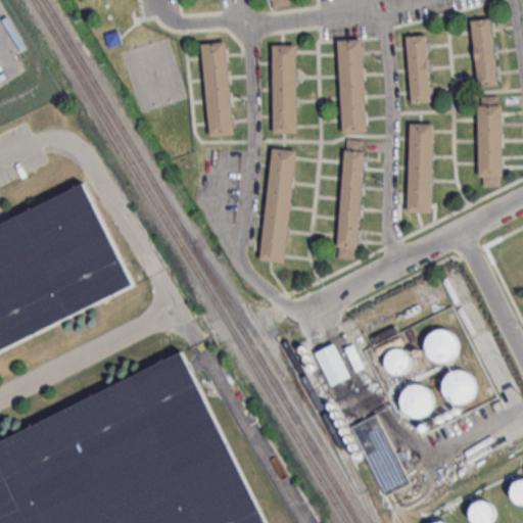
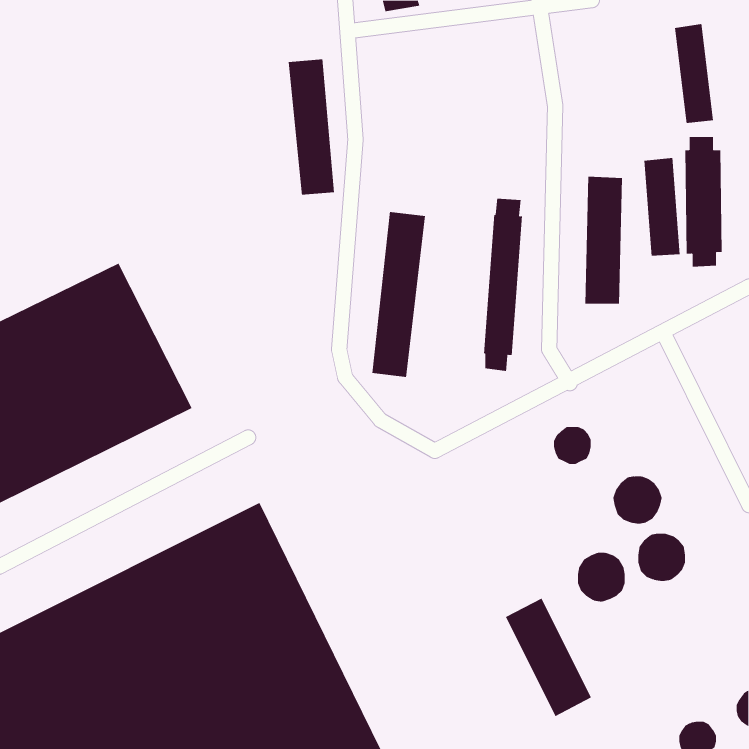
building: [405,35,430,103] -> [644,158,680,256]
building: [336,39,367,134] -> none
building: [272,45,296,134] -> none
building: [316,345,352,388] -> none
building: [386,350,413,377] -> [553,426,592,465]

